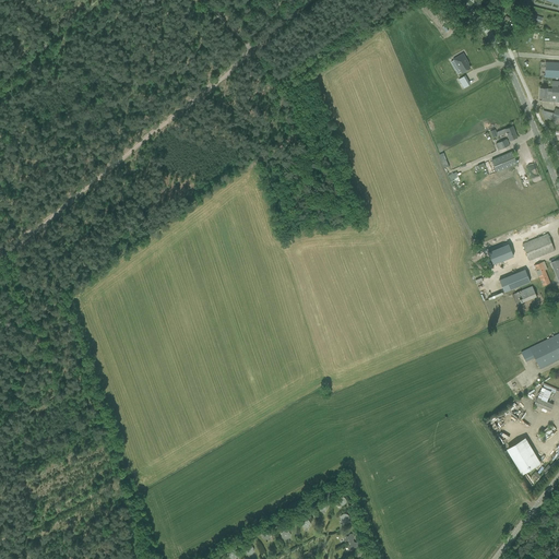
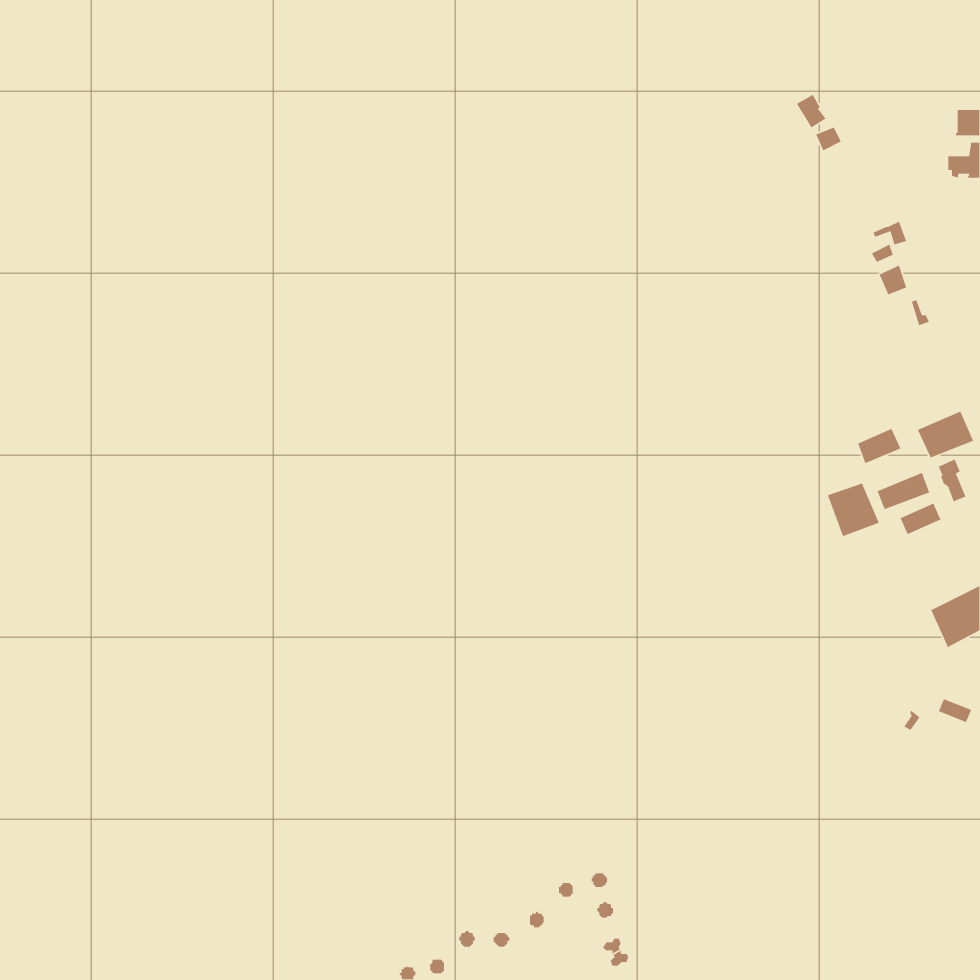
building: none -> [827,482,880,537]
building: [508,440,538,474] -> none

